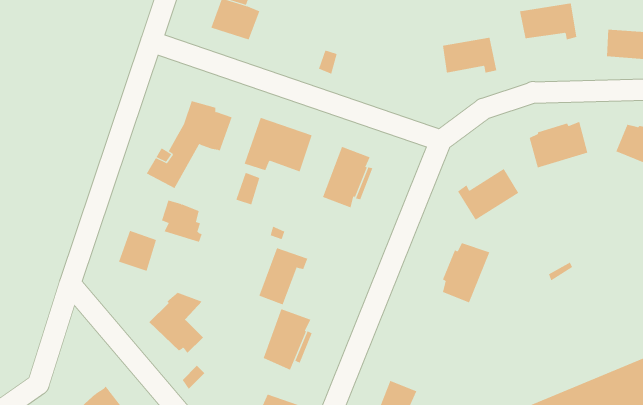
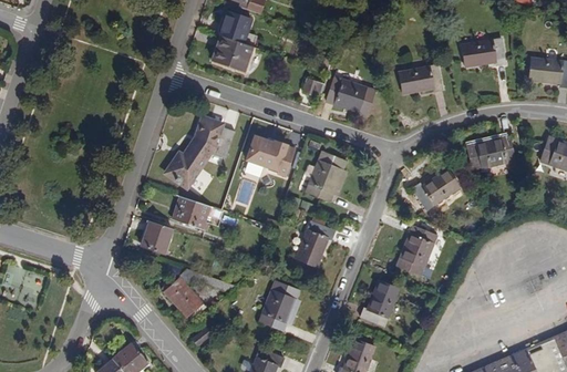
building: none -> [323,78,373,114]
building: [258,247,308,305] -> [292,225,332,271]
building: none -> [360,286,401,332]

